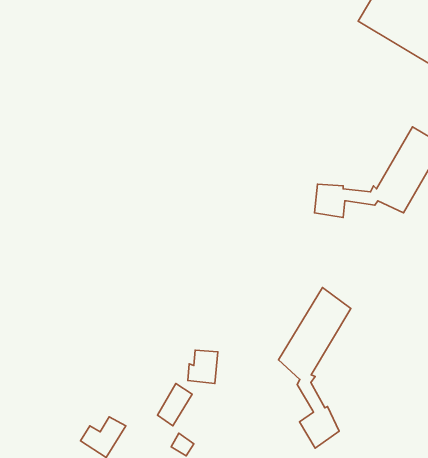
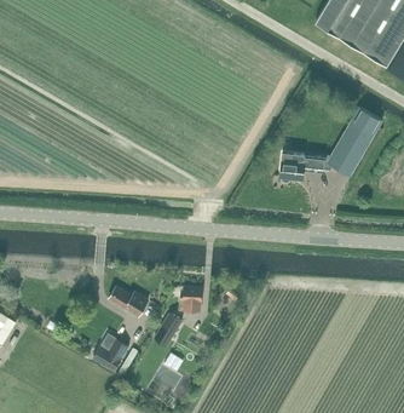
building: [279,288,351,448] -> none
building: none -> [109,283,149,316]

